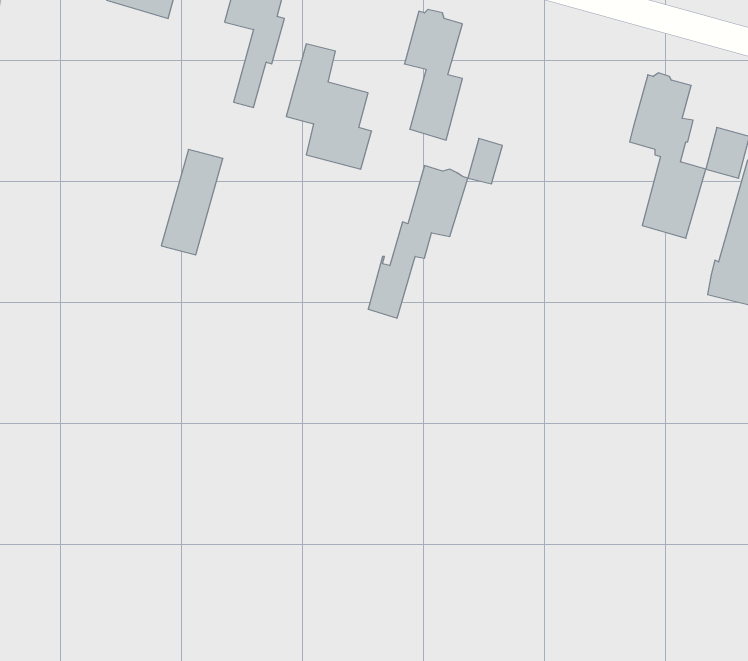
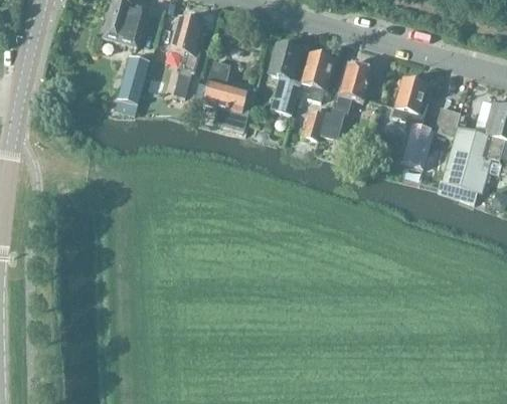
building: none -> [301,50,332,100]
building: [161,149,223,255] -> [115,55,149,114]
building: [368,166,468,318] -> [317,61,372,146]

